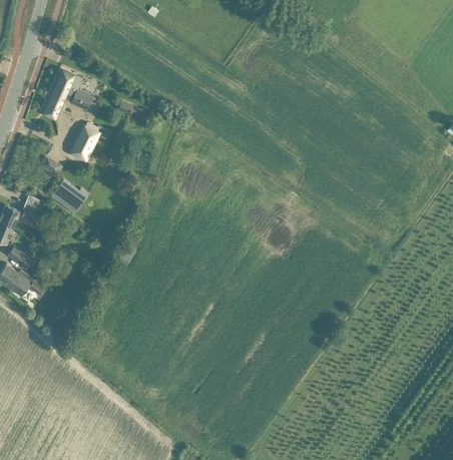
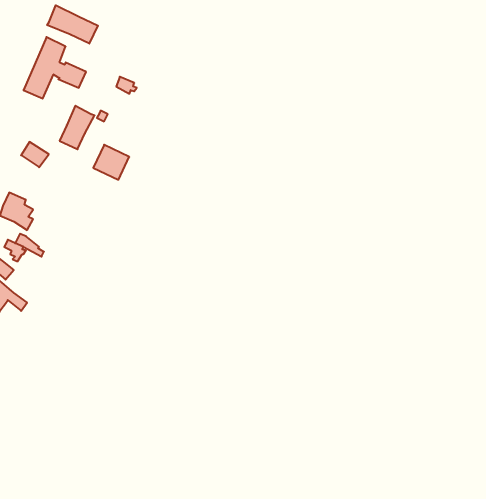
building: none -> [47,5,98,44]
building: [55,180,85,209] -> [93,145,129,180]

